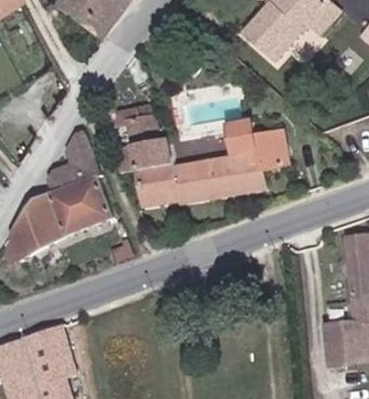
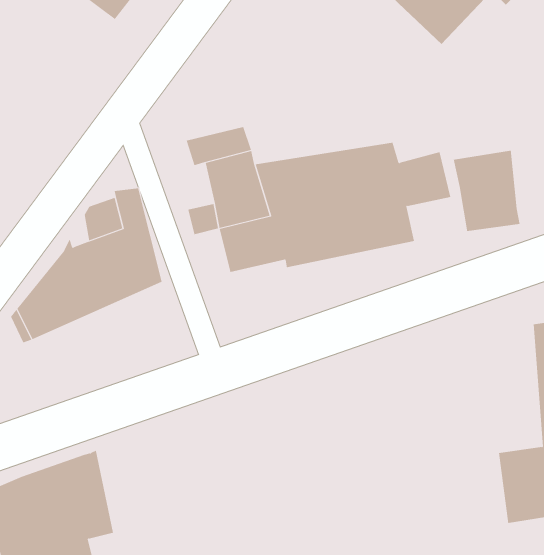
building: none -> [453,150,520,232]

